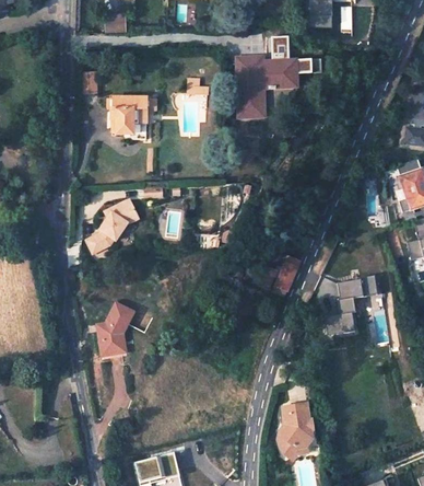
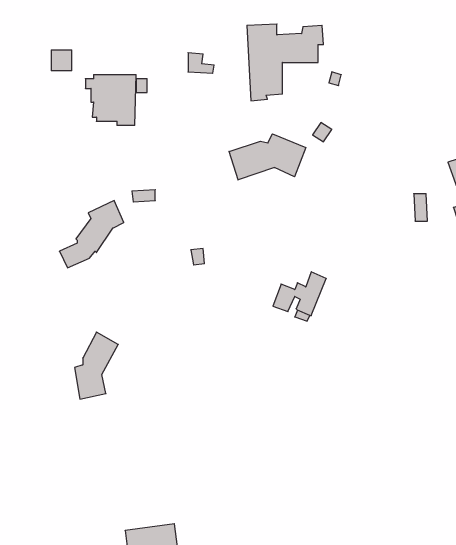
building: none -> [229,134,306,180]
building: [322,274,376,334] -> none
building: [276,404,309,454] -> none

